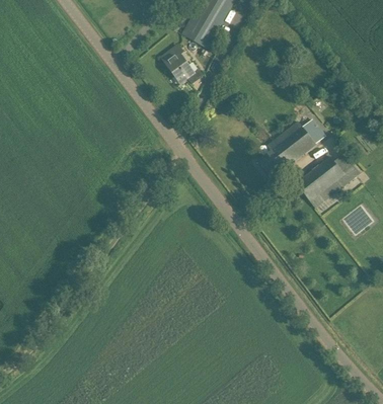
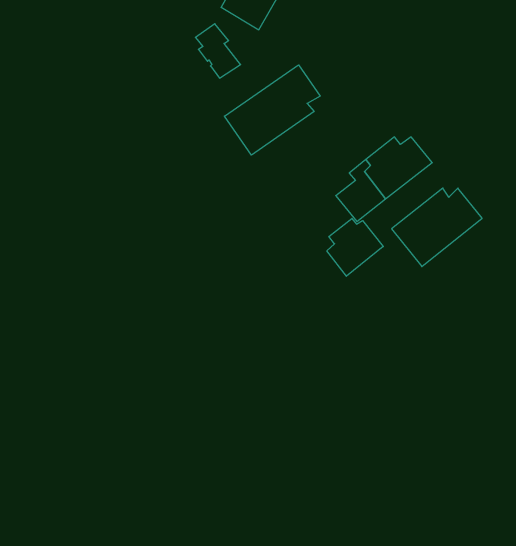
building: none -> [224,65,320,155]
building: none -> [327,218,383,276]

